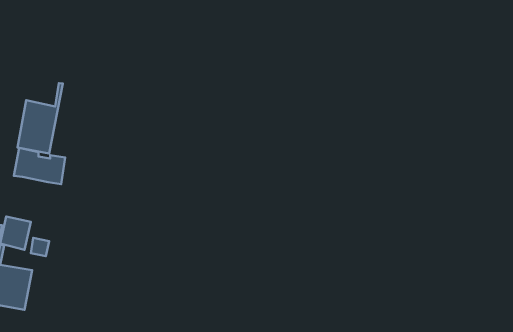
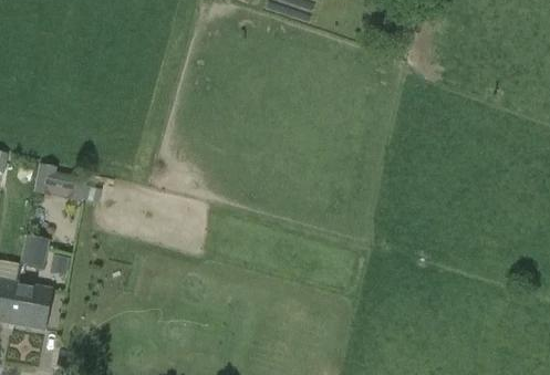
building: [17,83,63,154] -> none

